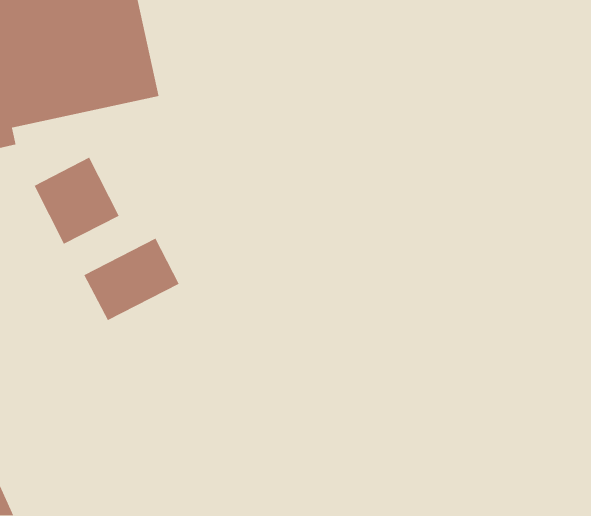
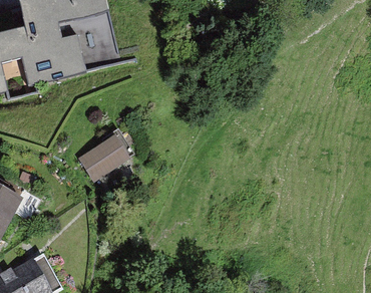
building: [33,157,120,245] -> none

